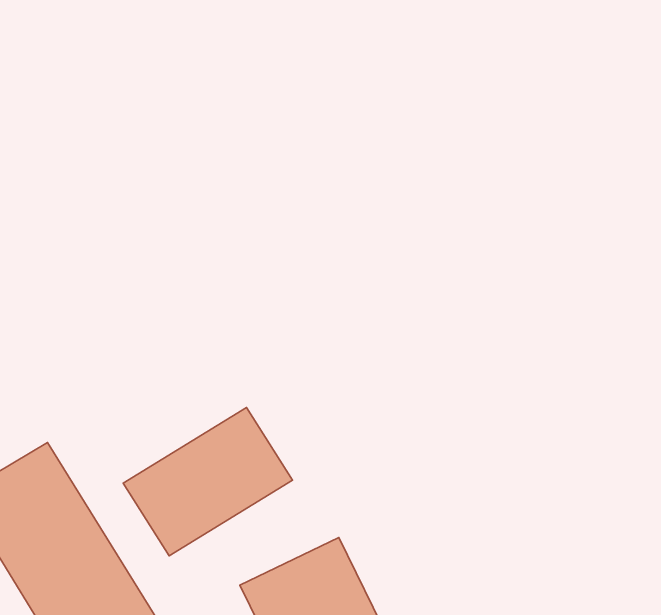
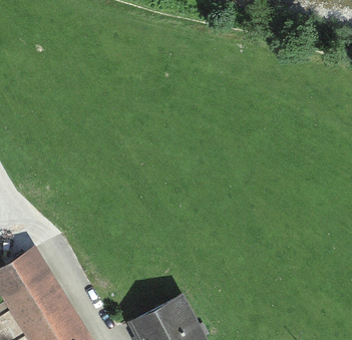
building: [123,407,292,556] -> none

